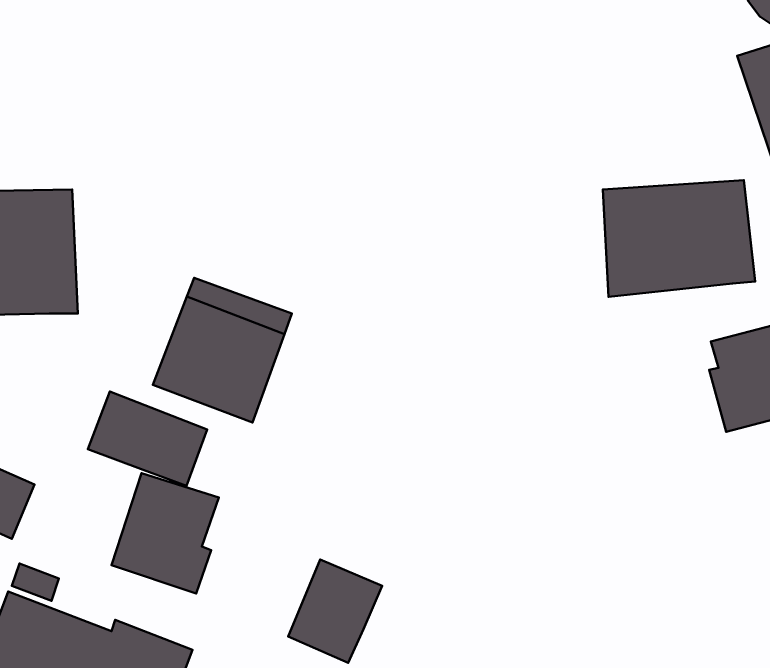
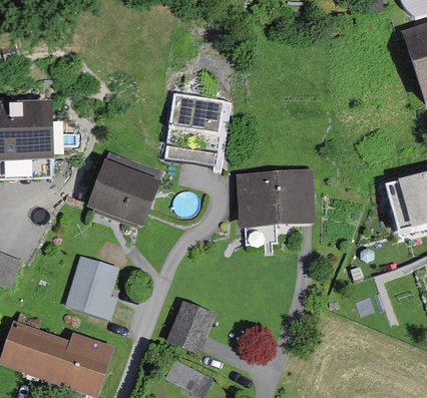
building: none -> [166,91,235,165]
building: [603,180,755,297] -> [237,169,318,232]
building: [88,392,207,486] -> none

